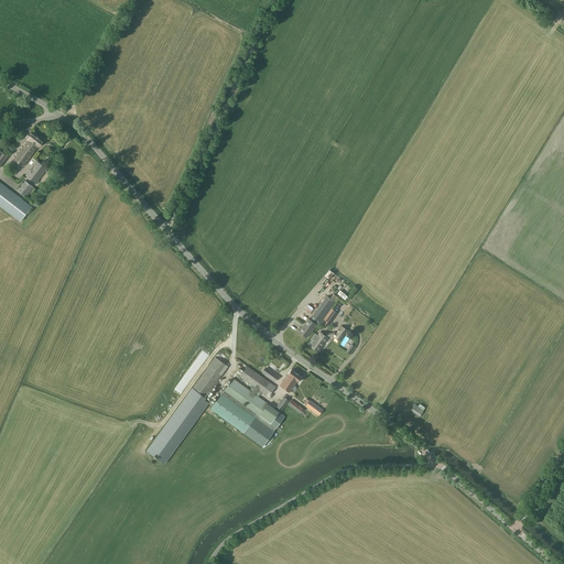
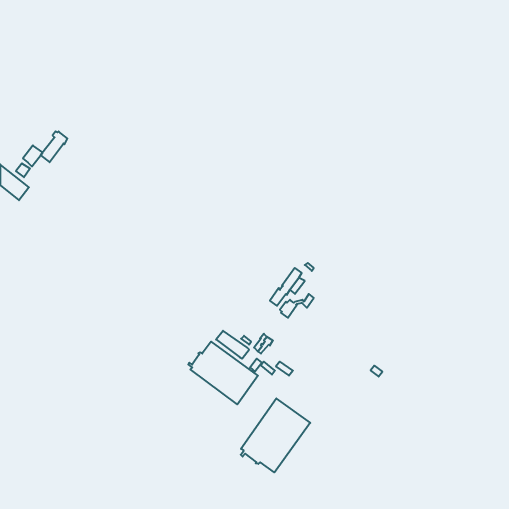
building: [13,132,43,166] -> [41,131,67,162]
building: [148,357,228,463] -> none
building: none -> [241,398,310,472]

